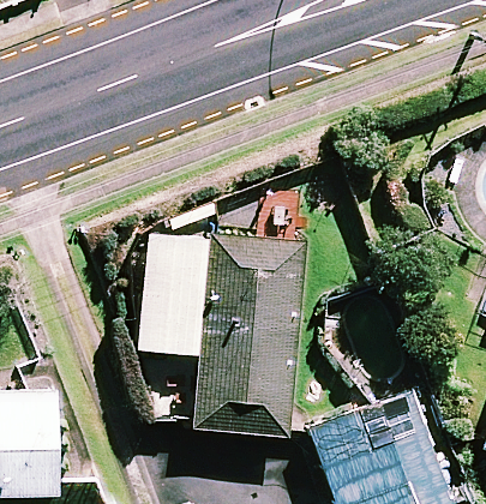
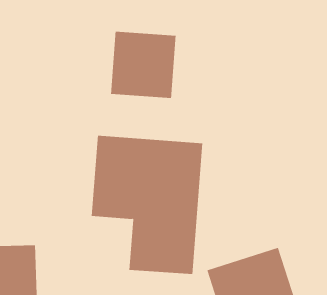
building: none -> [110,31,176,99]

